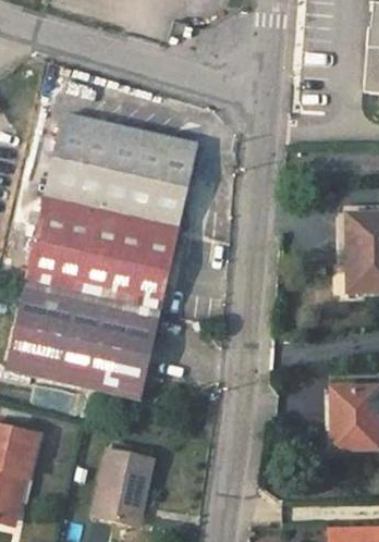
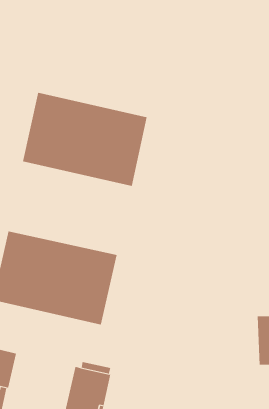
building: [26,199,179,313] -> none

